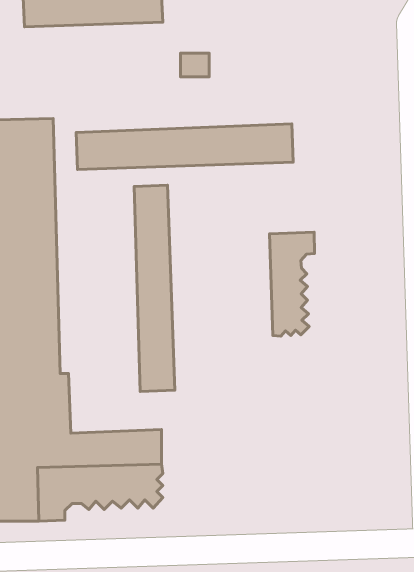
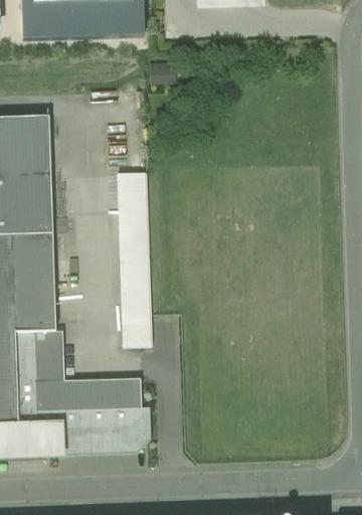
building: [76,124,293,170] -> none
building: [269,232,314,336] -> none

